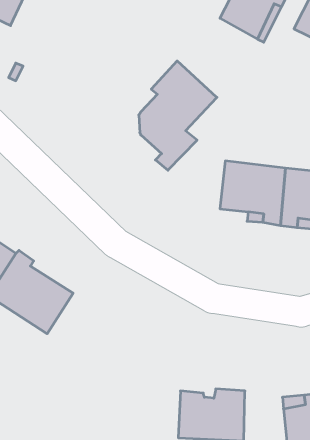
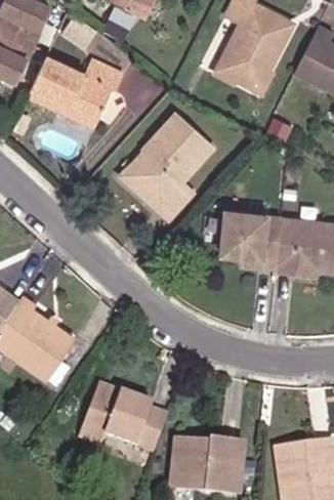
building: none -> [32,57,127,119]
building: none -> [123,140,167,210]
building: none -> [85,380,174,447]

